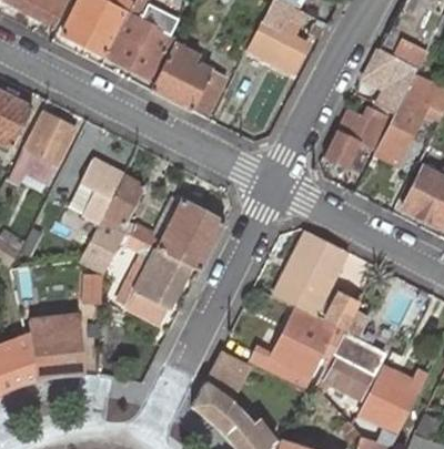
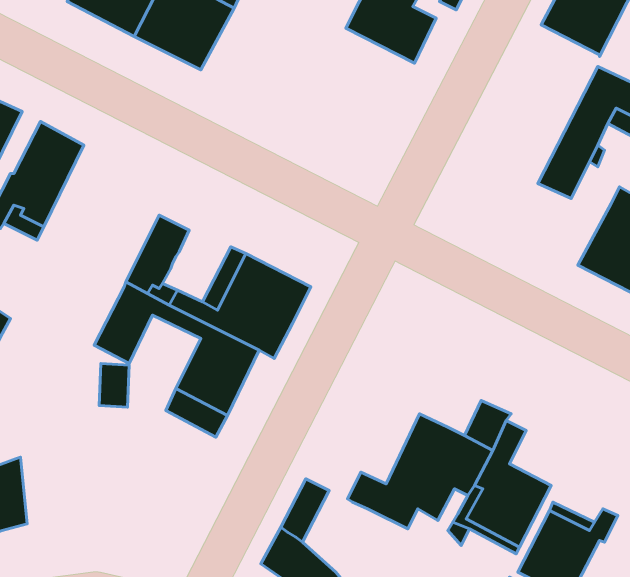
building: [150,41,226,116] -> none
building: [363,48,416,114] -> none
building: [325,109,390,169] -> none
building: [80,157,123,222] -> none
building: [274,231,346,315] -> none
building: [30,315,84,379] -> none

